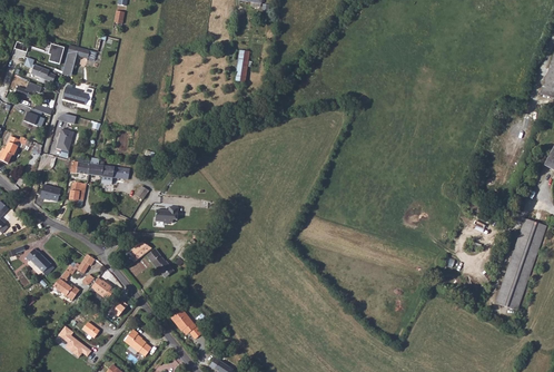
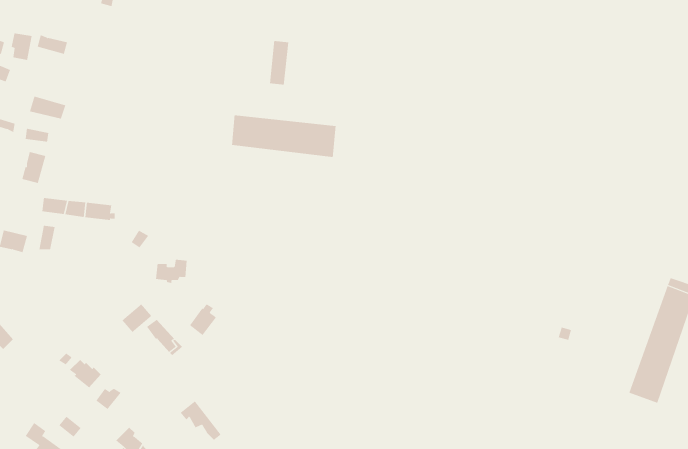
building: none -> [232,114,336,158]
building: [52,254,95,301] -> none

